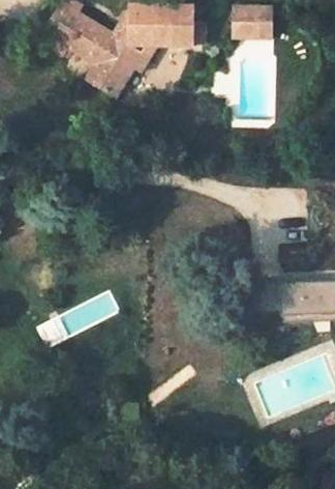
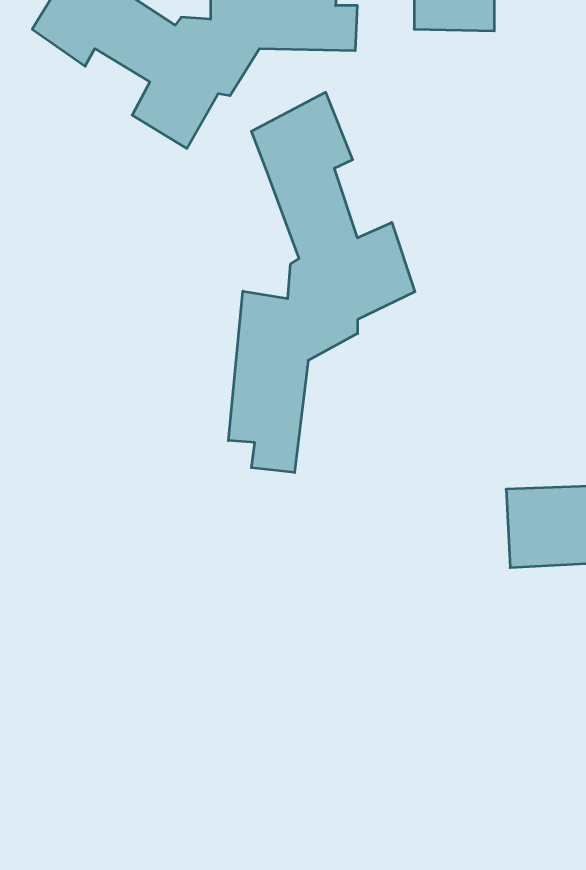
building: none -> [228,92,415,473]

